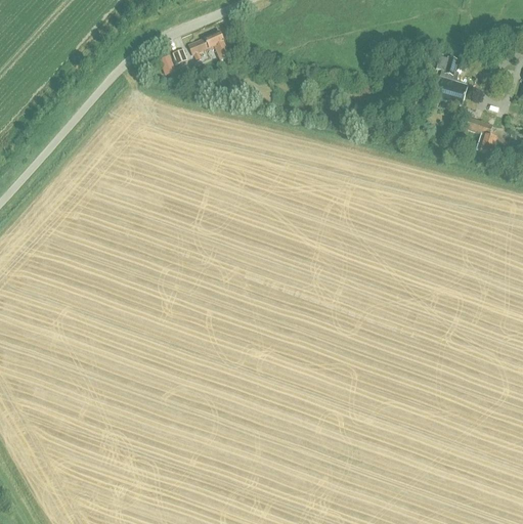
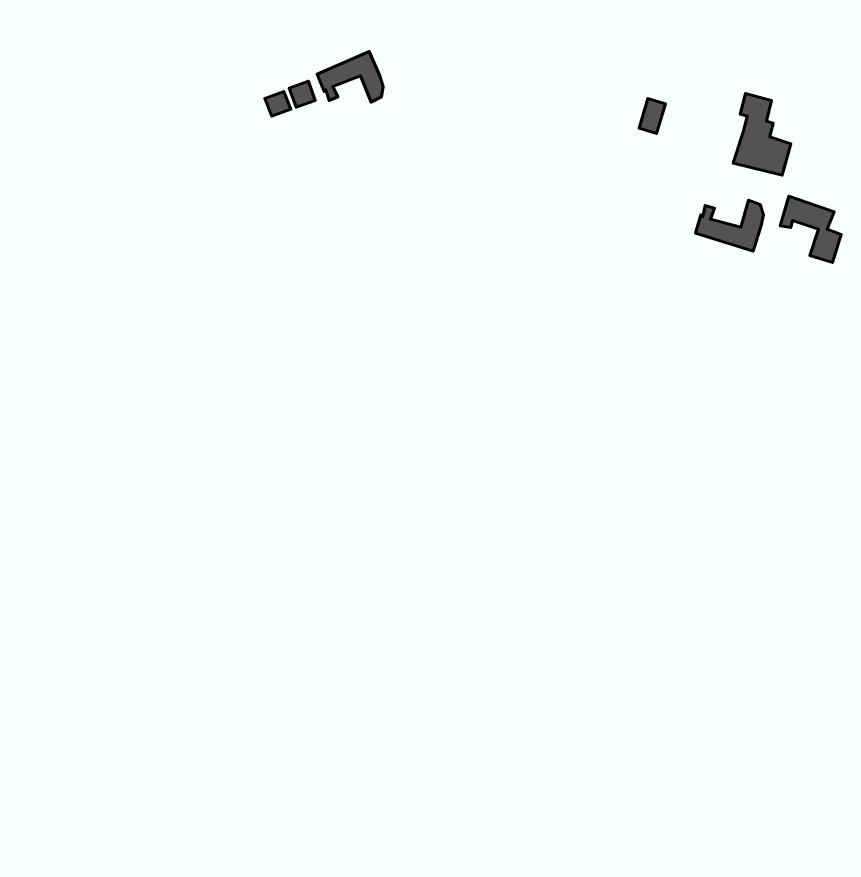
building: none -> [696,200,763,251]

